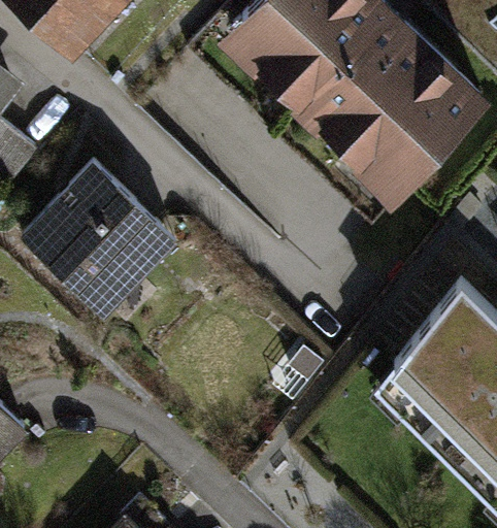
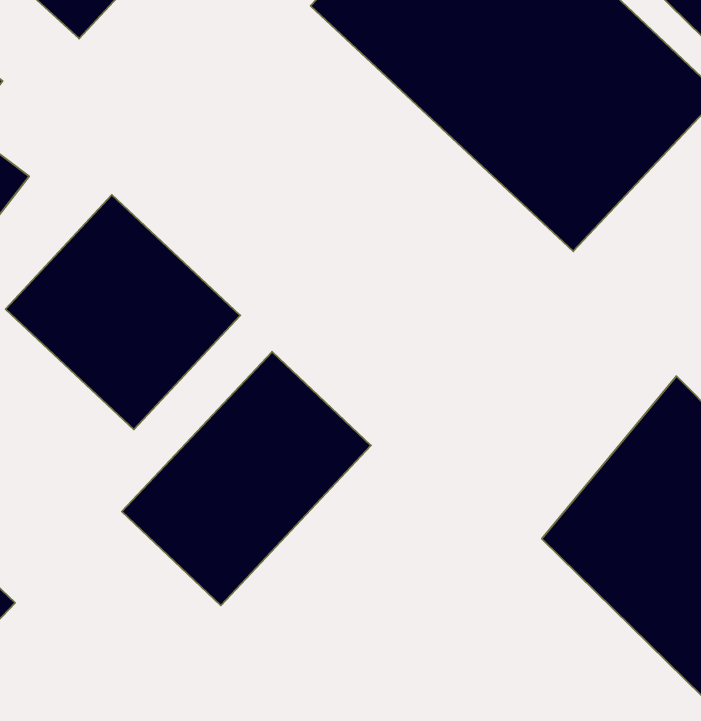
building: none -> [122,352,371,605]

